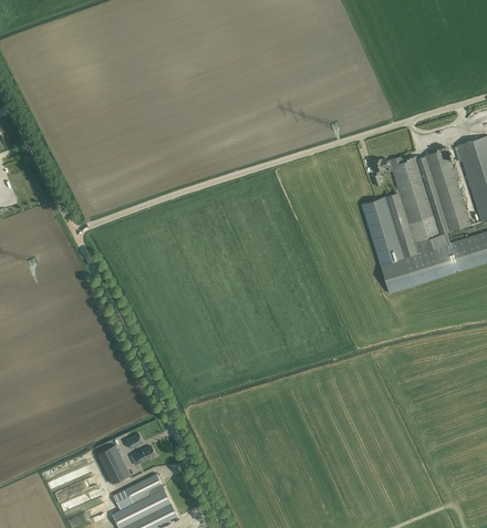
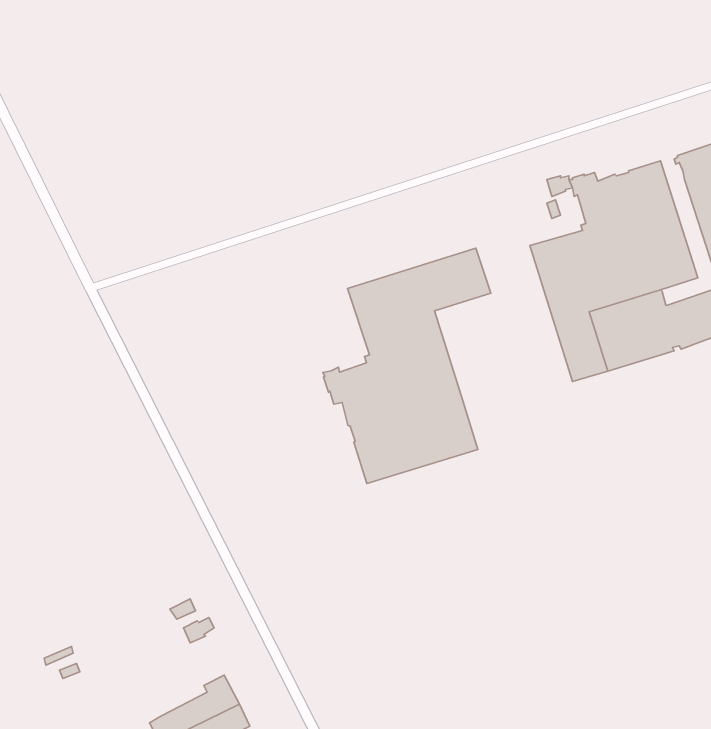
building: none -> [323,248,491,483]
building: [97,445,129,483] -> none
building: [114,474,162,510] -> none

